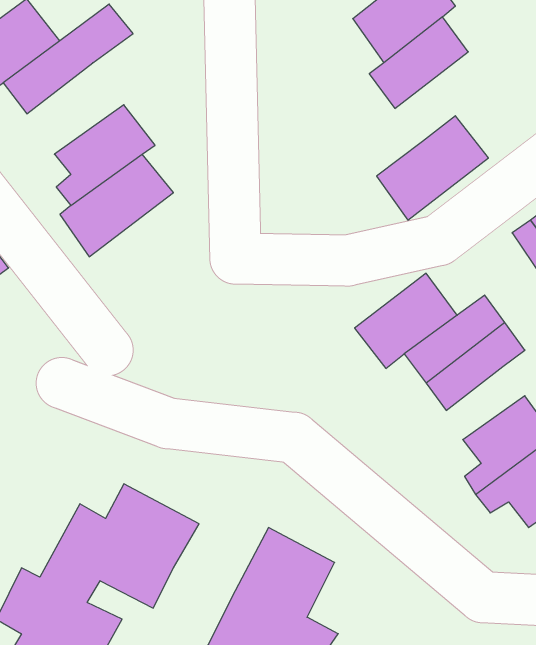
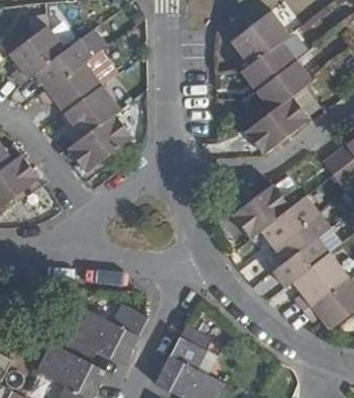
building: none -> [256,58,312,109]
building: none -> [39,64,103,116]
building: none -> [274,236,330,285]

